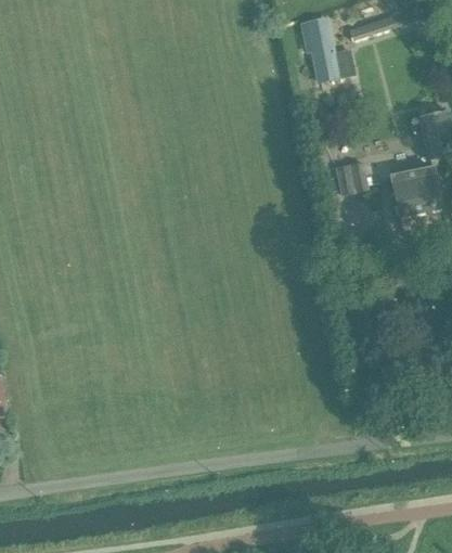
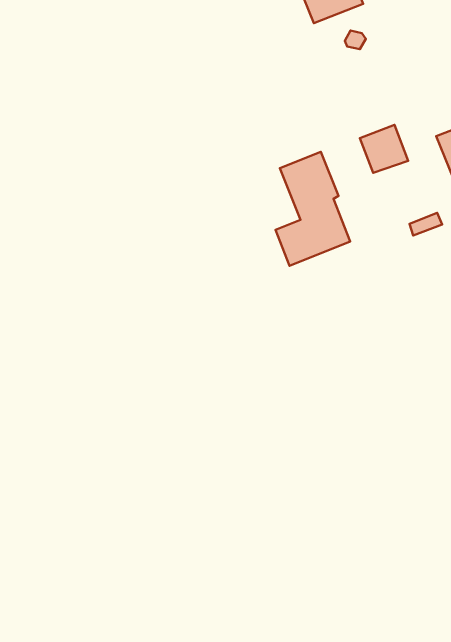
building: none -> [275,152,350,266]

